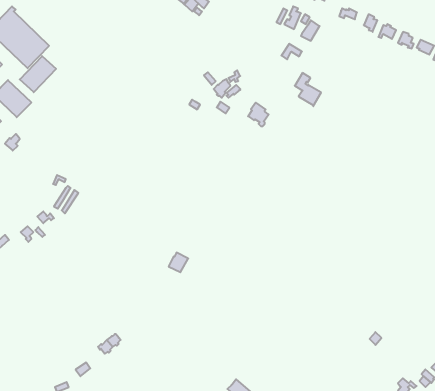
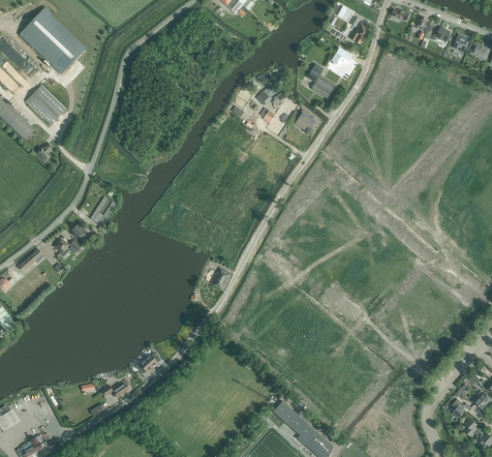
building: [20,56,56,92] -> none
building: [295,73,321,106] -> [307,64,335,99]

